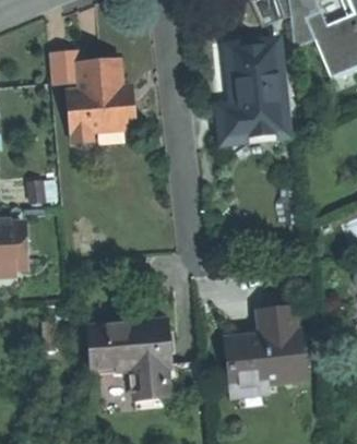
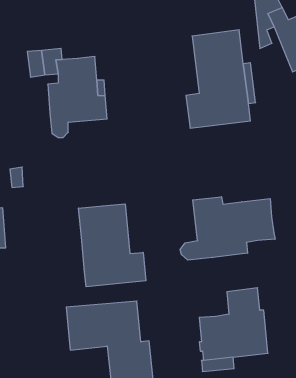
building: none -> [180,197,275,260]
building: none -> [79,204,146,287]

